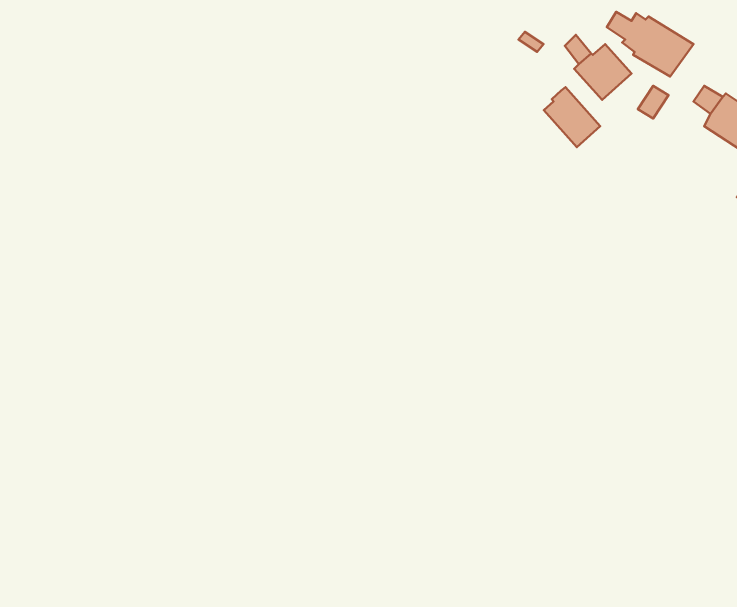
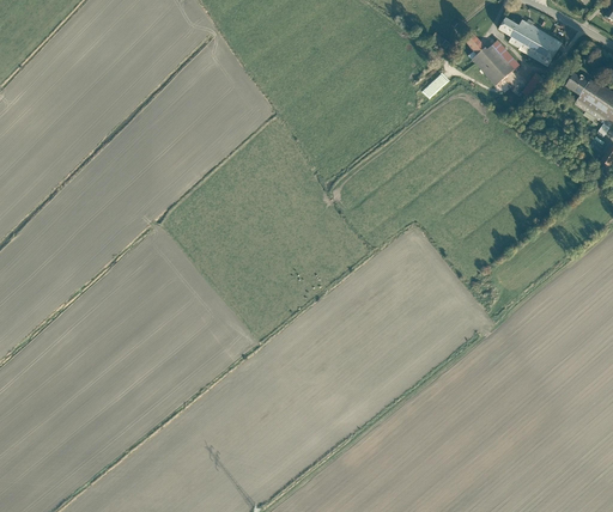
building: [544,87,600,147] -> none

